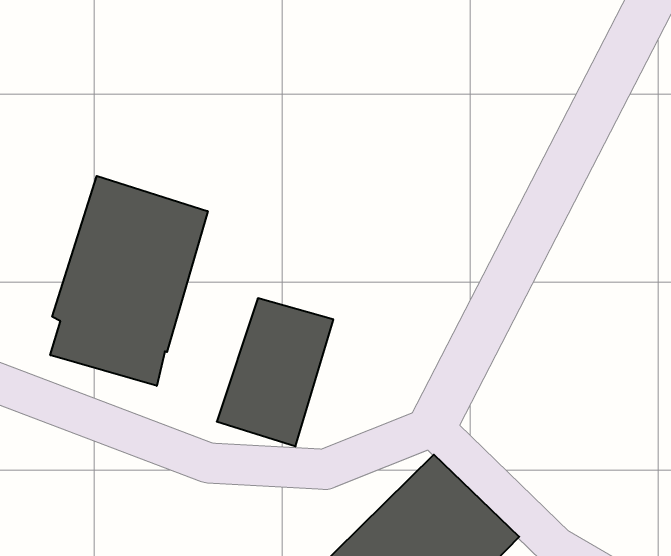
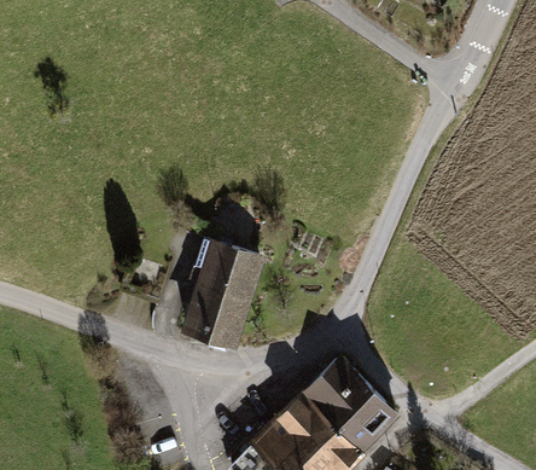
building: [50,176,208,386] -> none

